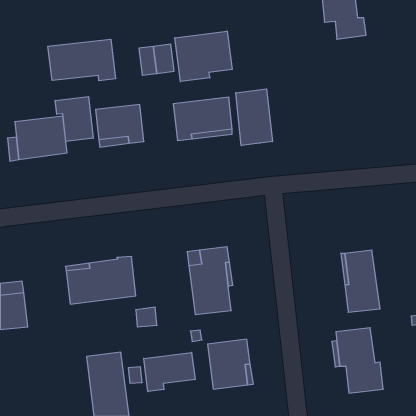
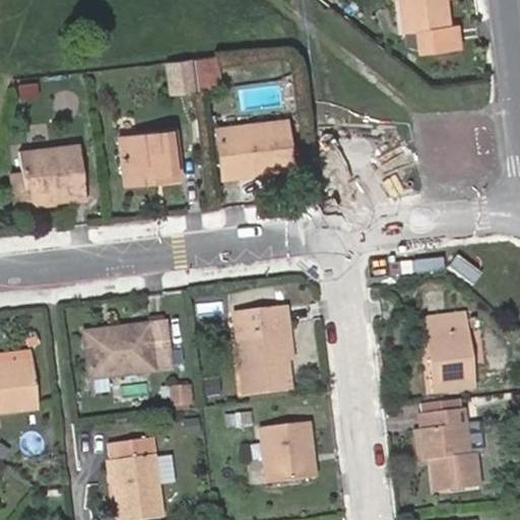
building: [175,31,232,82] -> none
building: [48,39,115,81] -> none
building: [236,89,273,146] -> none
building: [55,97,93,141] -> none
building: [144,352,195,392] -> none

